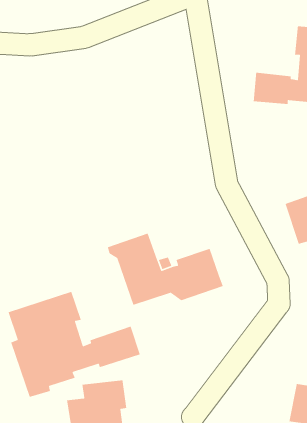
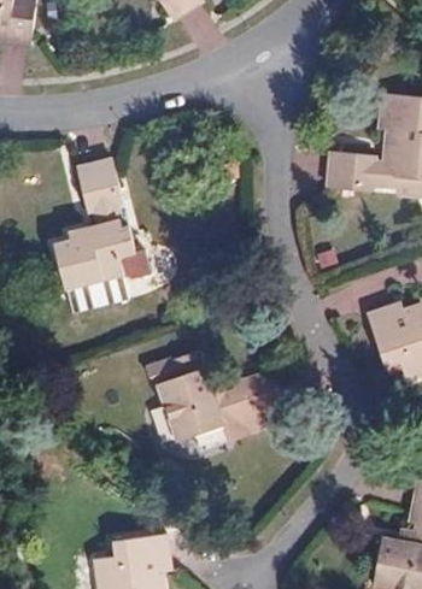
building: none -> [53,159,150,289]
building: [7,291,141,398] -> none

